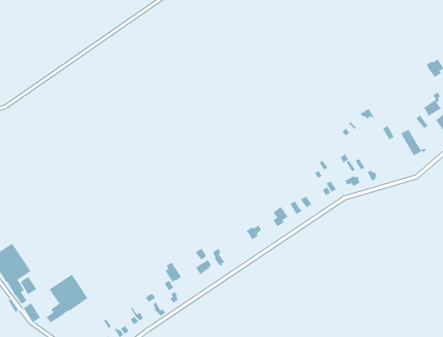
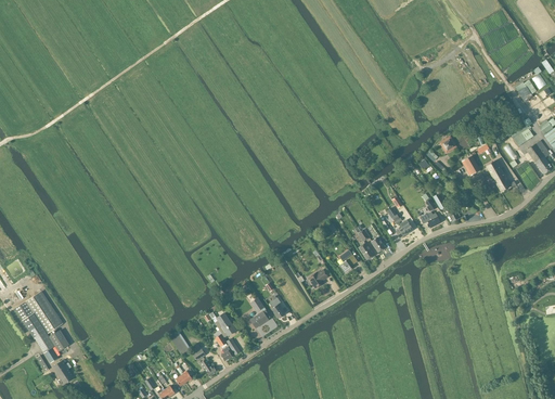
building: [46,274,88,323] -> none

